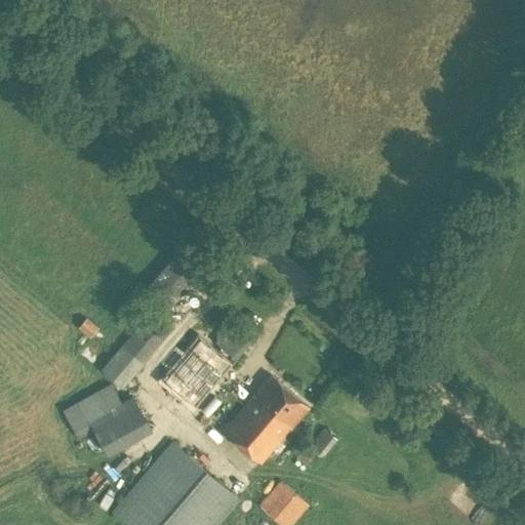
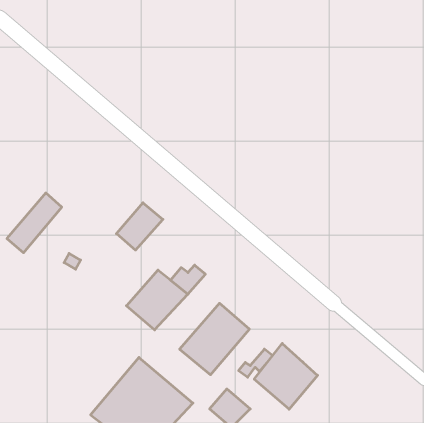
building: [100,315,168,389] -> [7,193,62,253]
building: [62,385,152,457] -> none
building: none -> [254,343,318,409]

